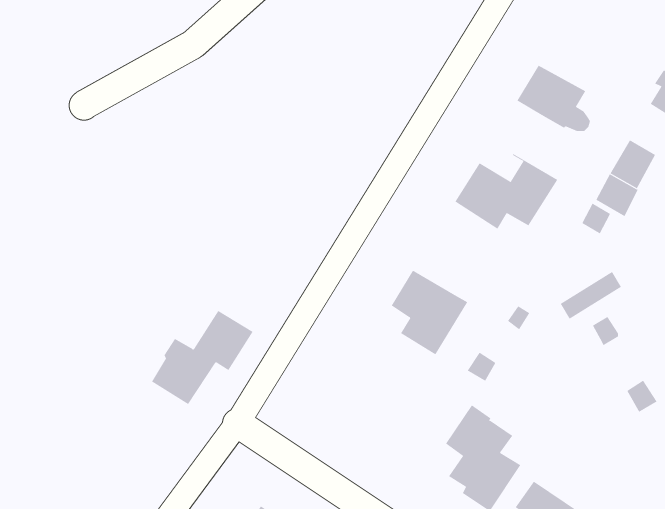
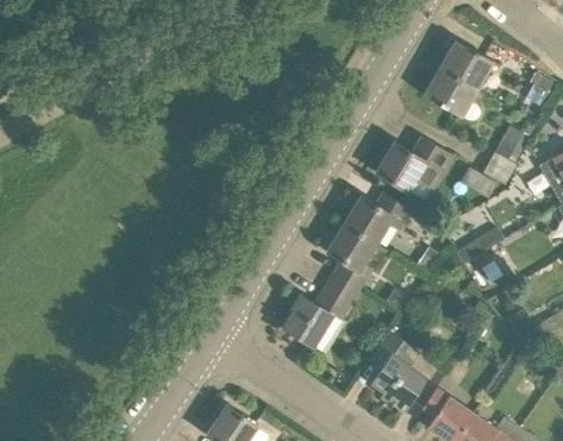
building: none -> [440,40,493,88]
building: none -> [344,193,411,245]
building: [151,310,254,405] -> [283,273,362,346]

